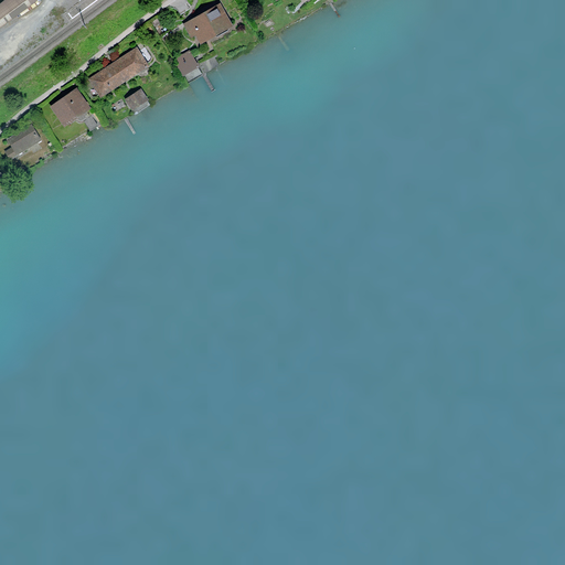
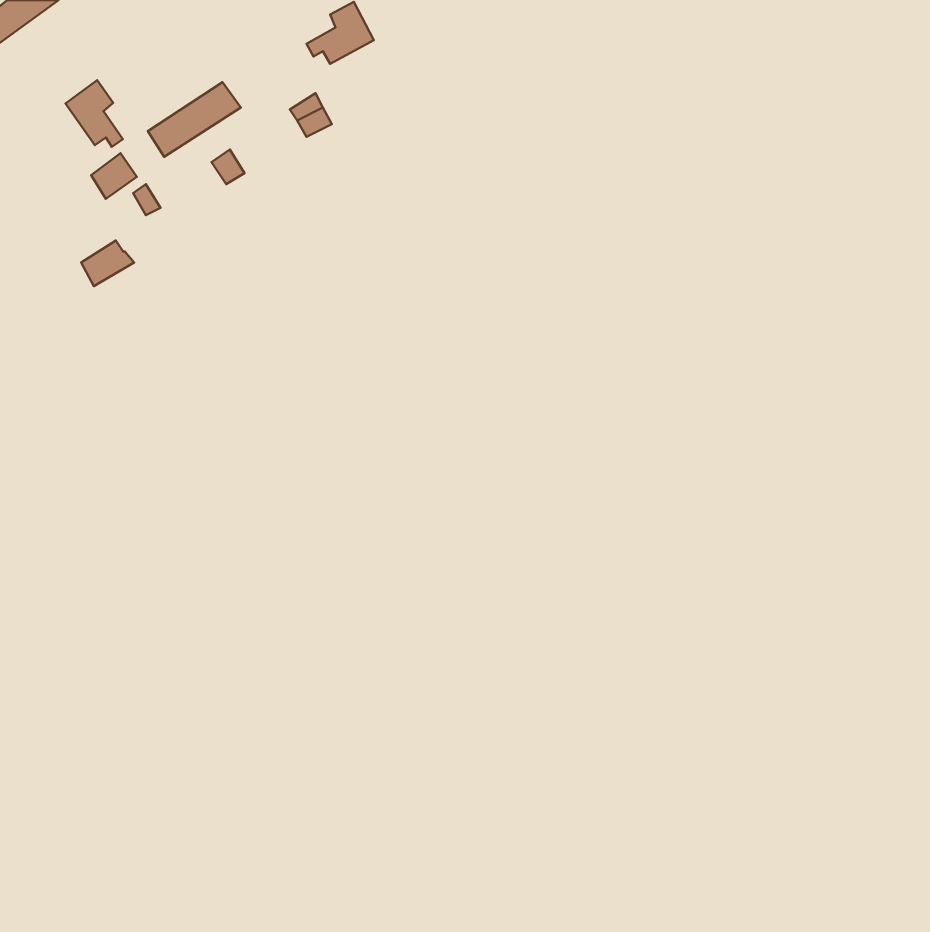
building: none -> [65,80,123,147]
building: [8,126,40,153] -> [81,241,134,286]

